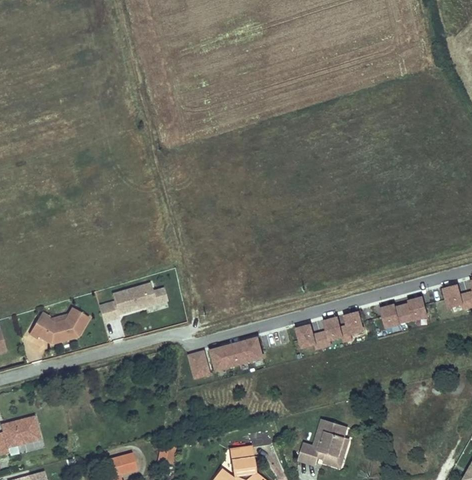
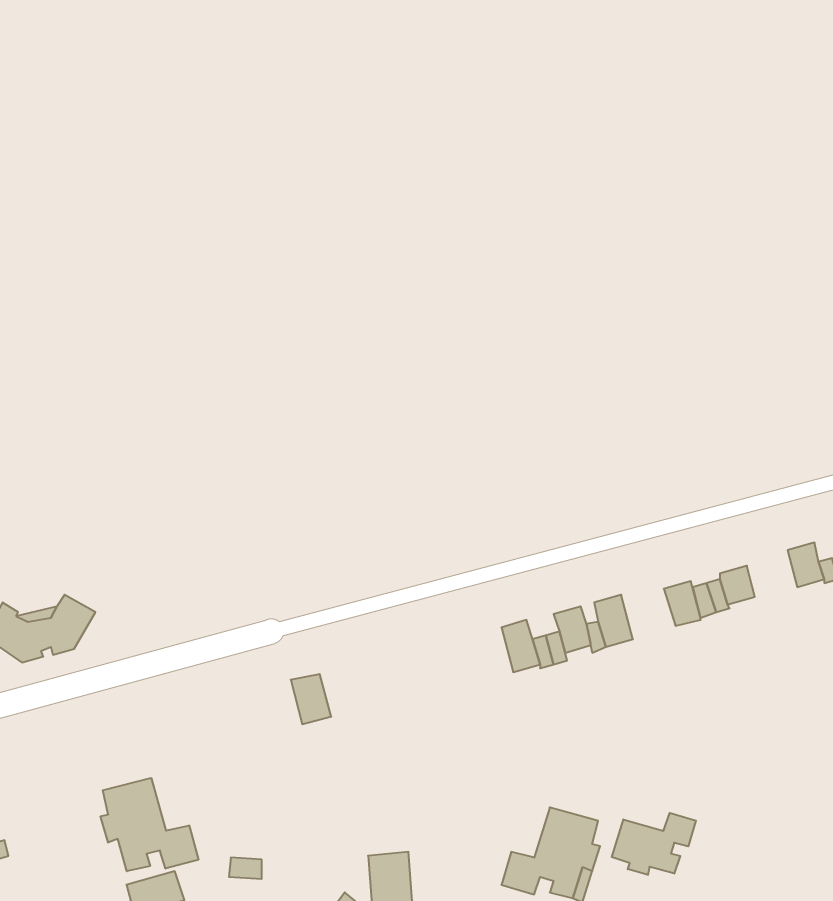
building: [99,284,157,323] -> none
building: [212,336,265,369] -> none
building: none -> [101,778,198,871]
building: none -> [612,813,696,875]

